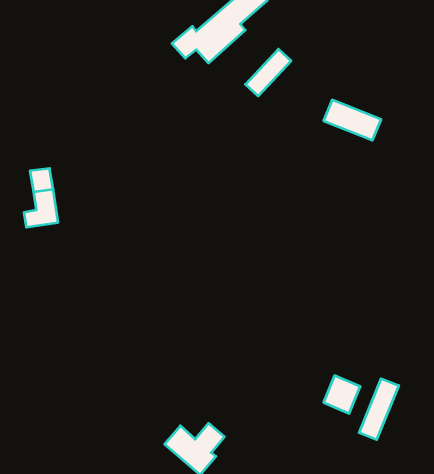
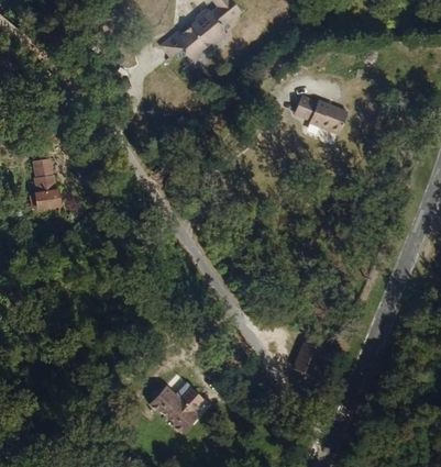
building: [245,49,291,96] -> none
building: [359,379,399,440] -> none

